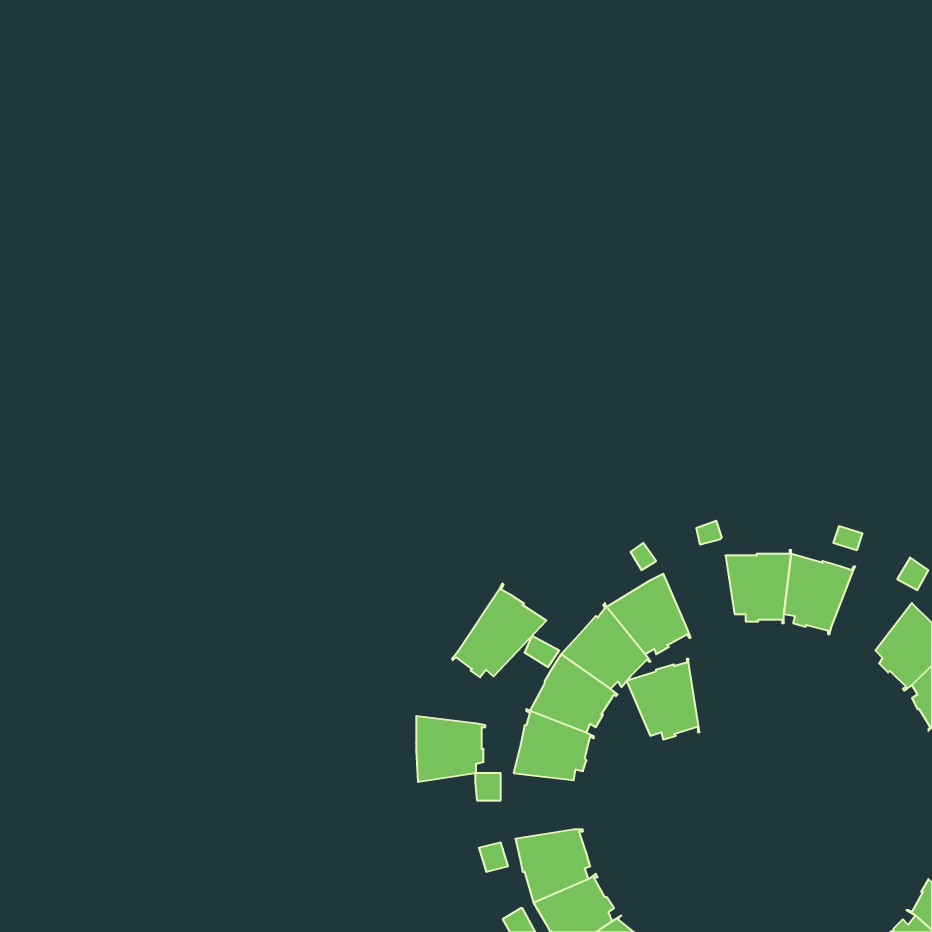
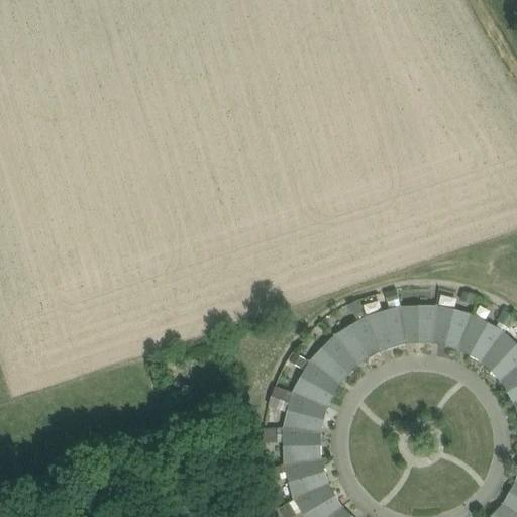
building: none -> [459,315,504,364]
building: [452,583,546,677] -> none
building: [627,659,700,739] -> [367,305,407,349]
building: [416,716,485,782] -> [284,427,322,463]

